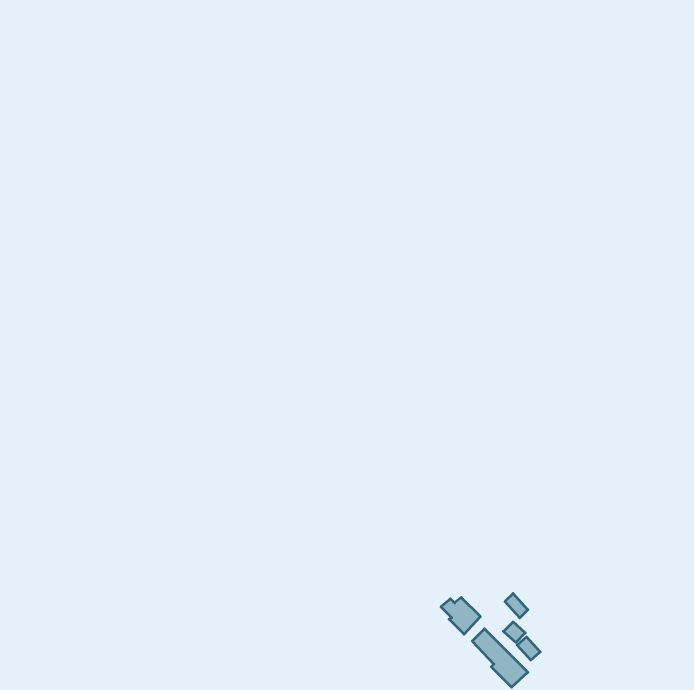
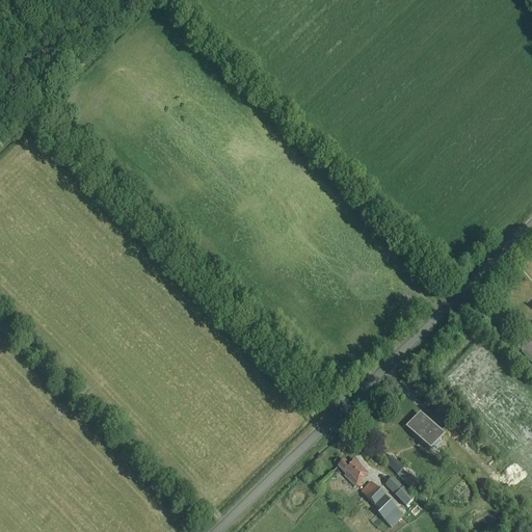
building: none -> [406,410,445,449]

